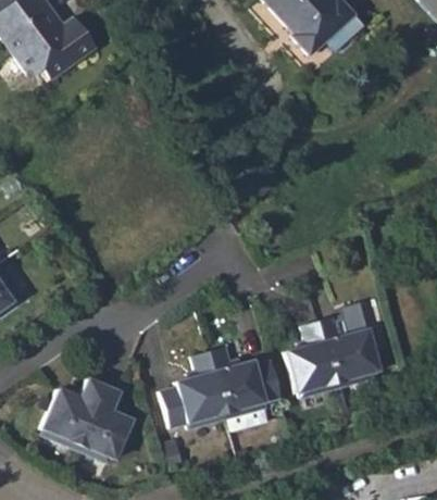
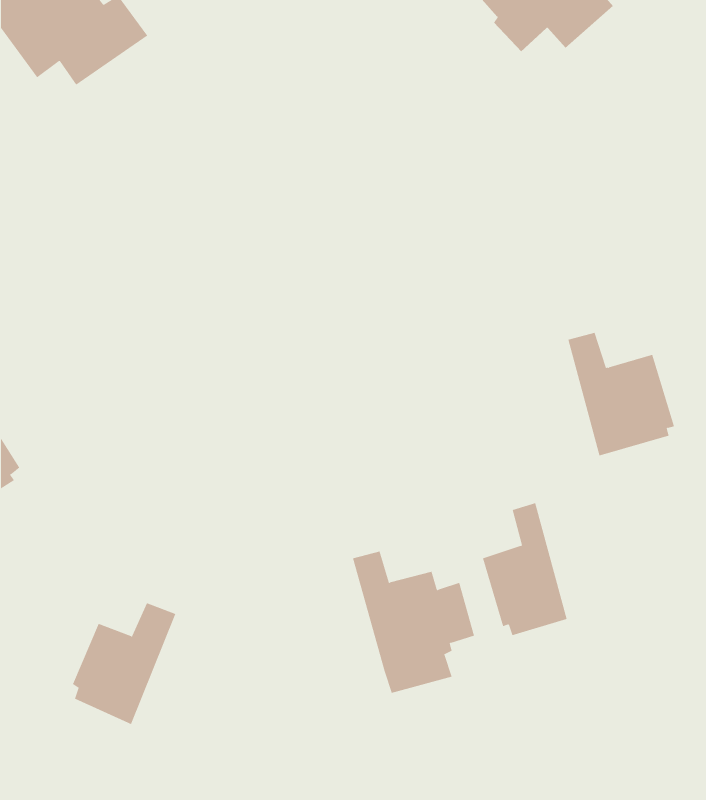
building: [317,313,380,386] -> [567,332,675,456]
building: [164,350,228,427] -> none
building: [80,383,134,462] -> none

